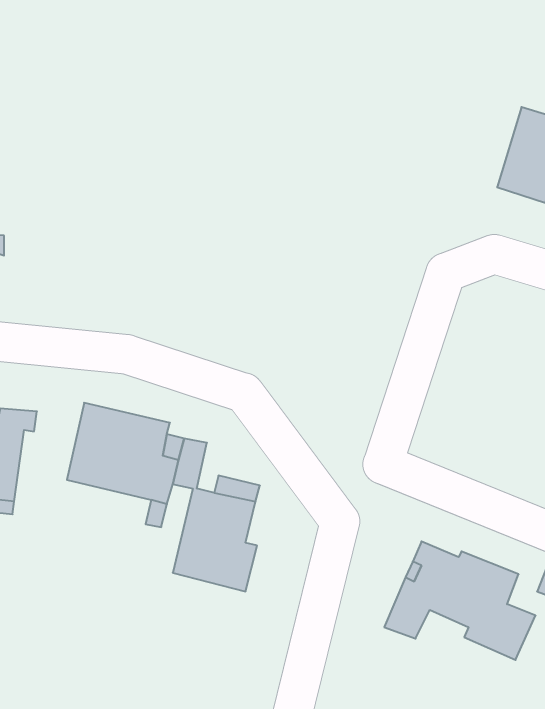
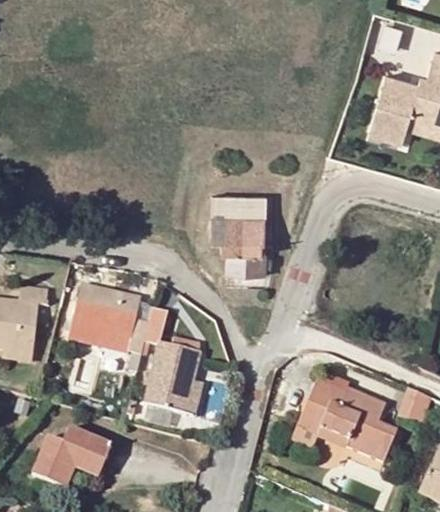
building: none -> [211,192,266,273]
building: none -> [30,425,111,488]

